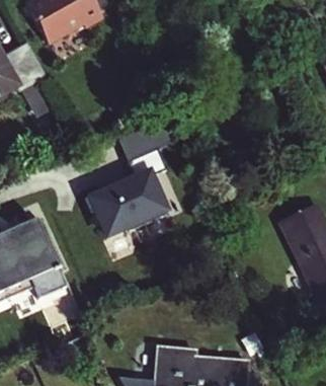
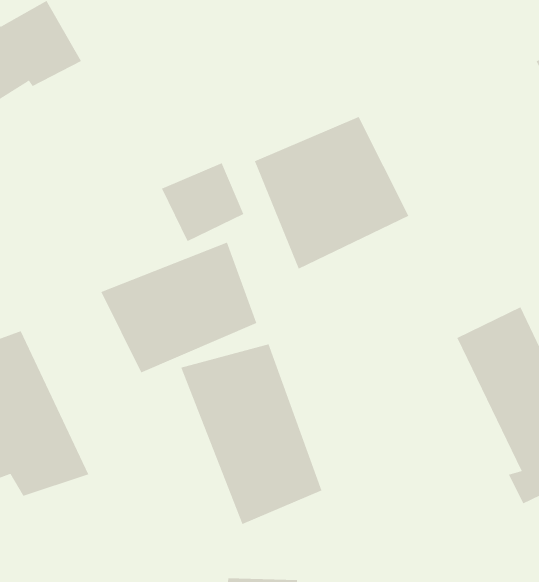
building: none -> [254,116,409,270]
building: none -> [181,344,322,525]

